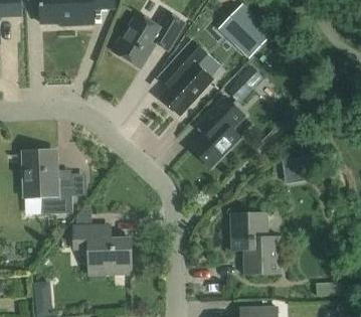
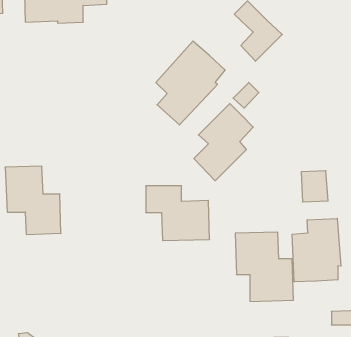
building: [114,12,184,67] -> none
building: none -> [292,218,341,282]
building: [73,224,131,274] -> [146,186,210,241]

